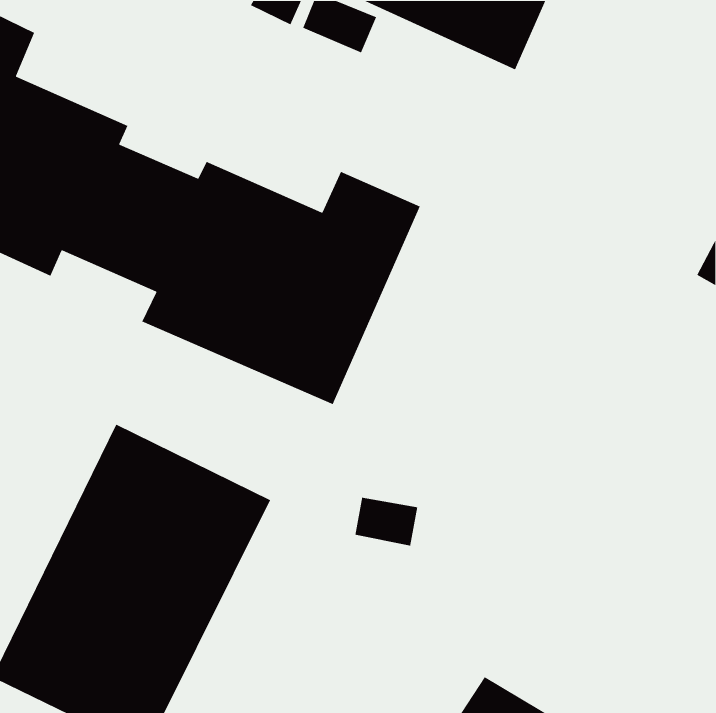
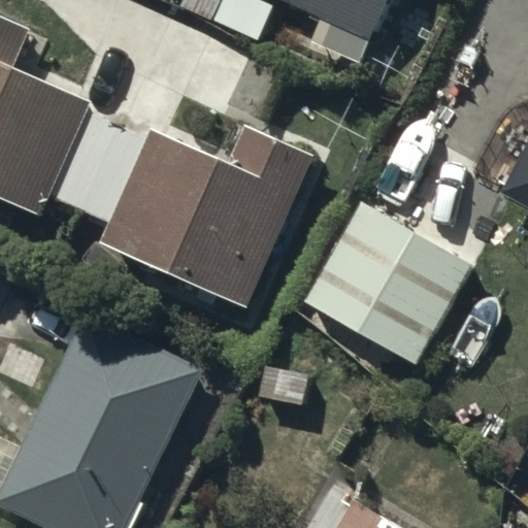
building: none -> [309,223,475,383]

